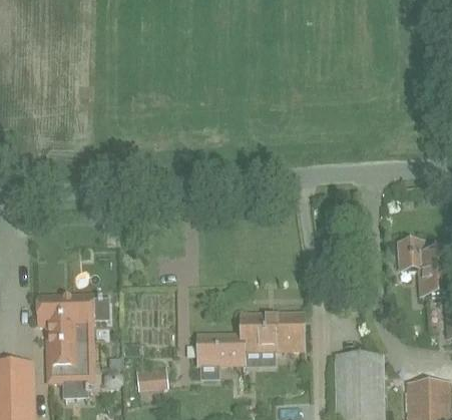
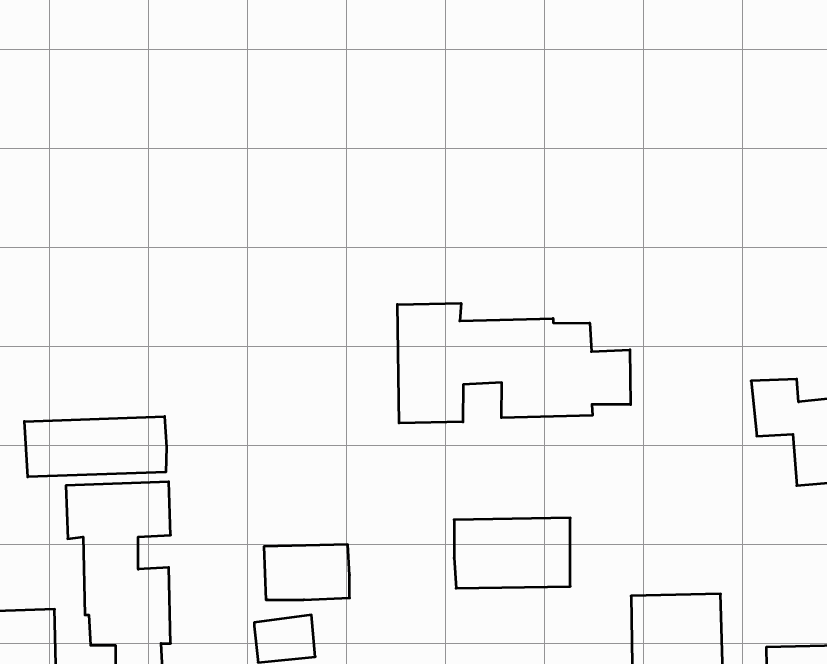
building: none -> [397,303,631,423]
building: none -> [24,416,167,477]
building: [197,334,243,363] -> [264,545,350,600]

